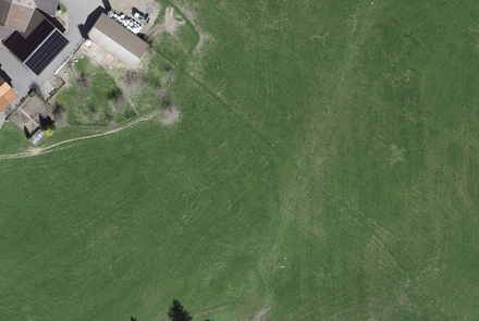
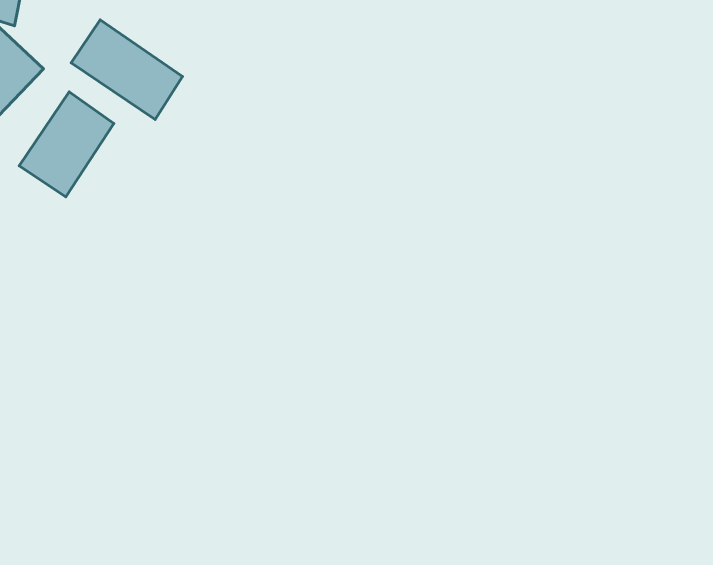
building: none -> [19,92,114,197]

